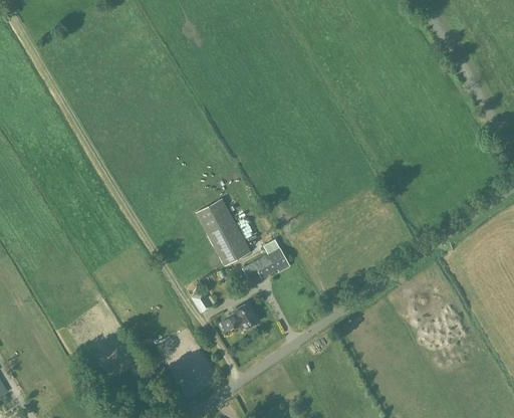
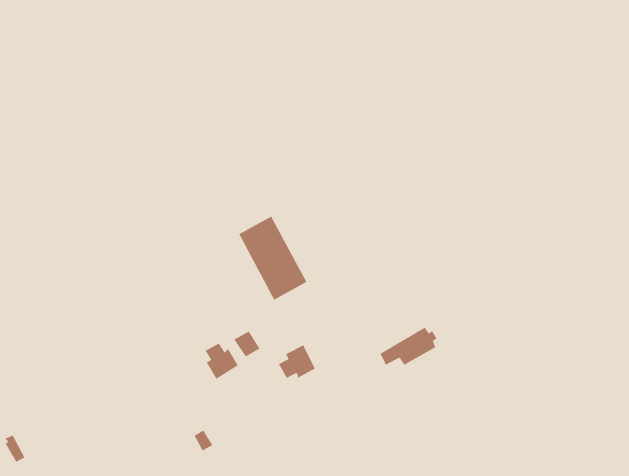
building: [242,246,289,278] -> [379,326,437,366]
building: none -> [205,342,239,380]

